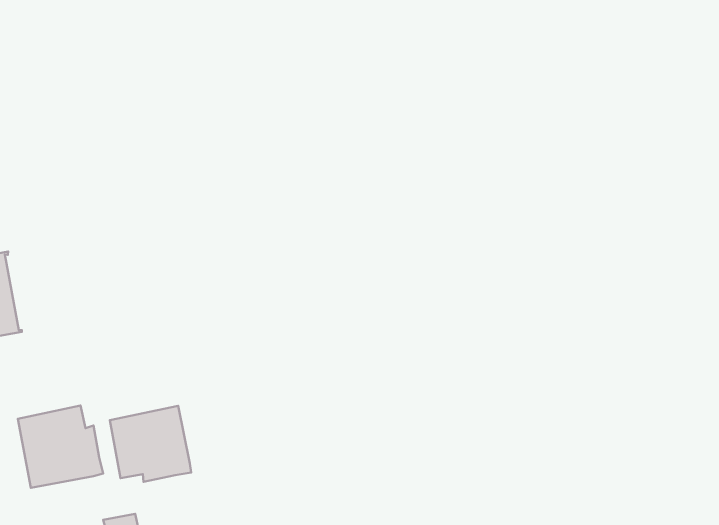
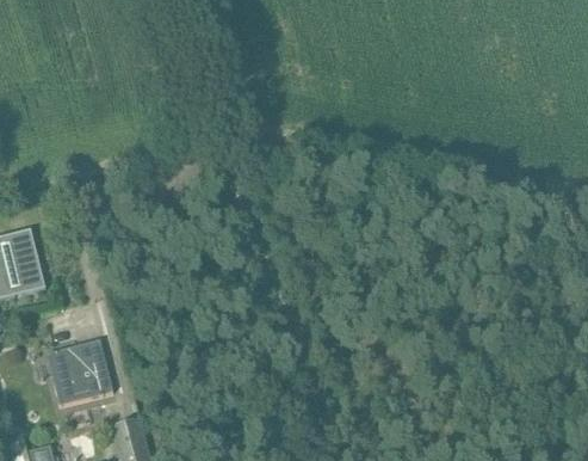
building: [110,406,191,482] -> none

